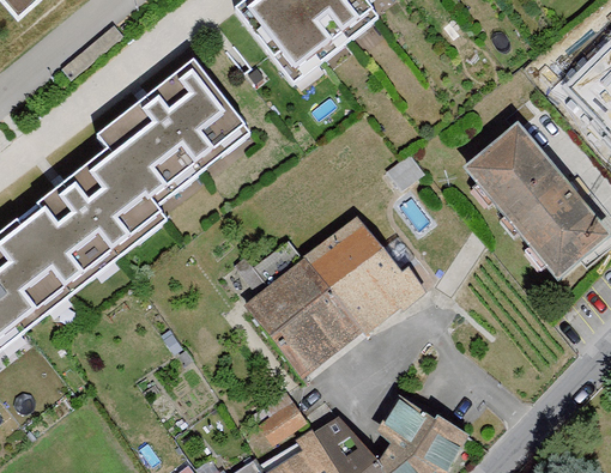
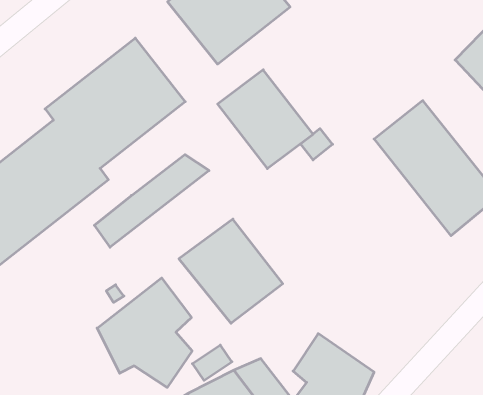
building: none -> [94,155,209,247]
building: [307,223,417,336] -> [218,70,313,169]
building: none -> [97,278,192,387]

